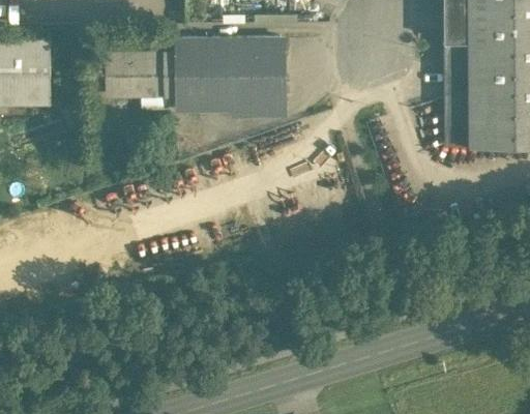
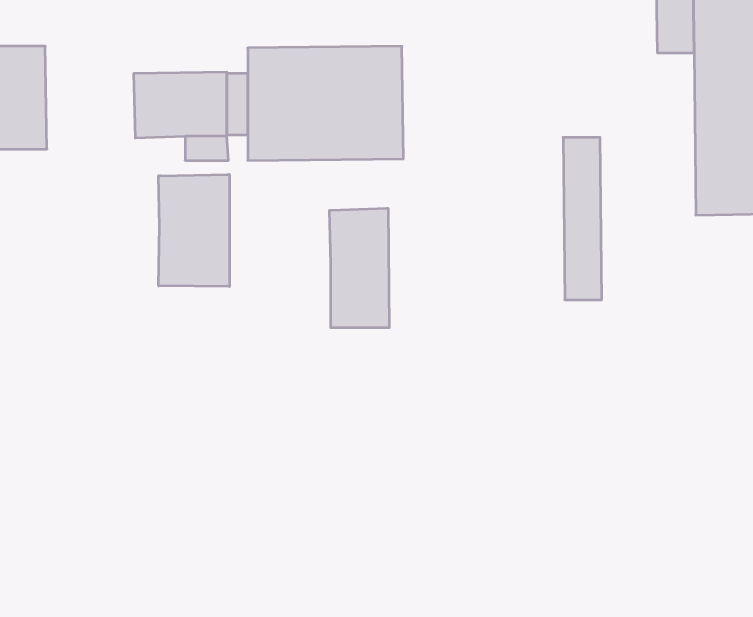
building: [445,41,470,146] -> [563,137,602,300]
building: none -> [159,174,229,287]
building: none -> [330,208,389,328]

